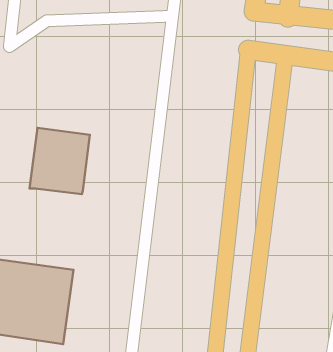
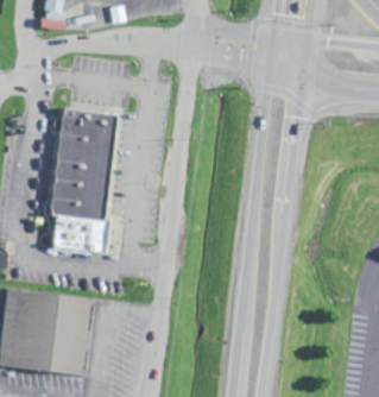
building: none -> [56,106,118,162]
building: none -> [50,216,107,256]

